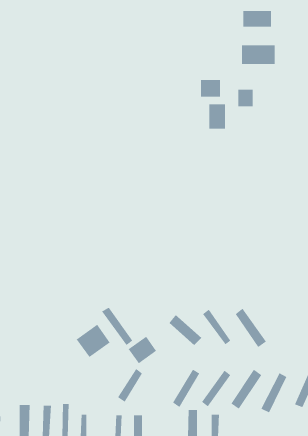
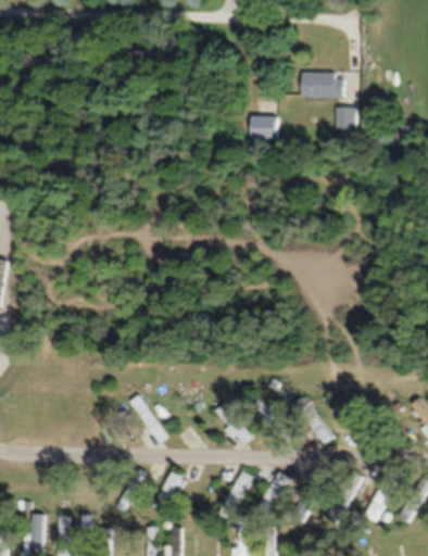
building: [243,10,271,28] -> none
building: [238,89,254,107] -> [337,108,356,129]
building: [209,104,225,130] -> none
building: [76,324,111,358] -> none
building: [128,336,157,364] -> none

